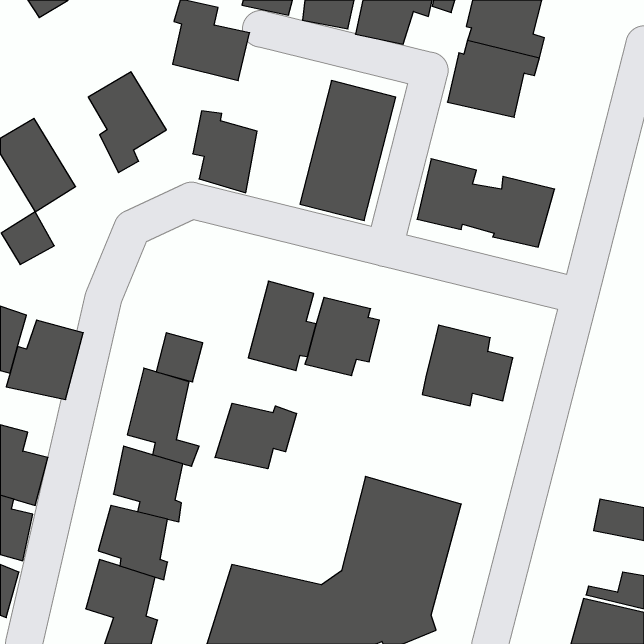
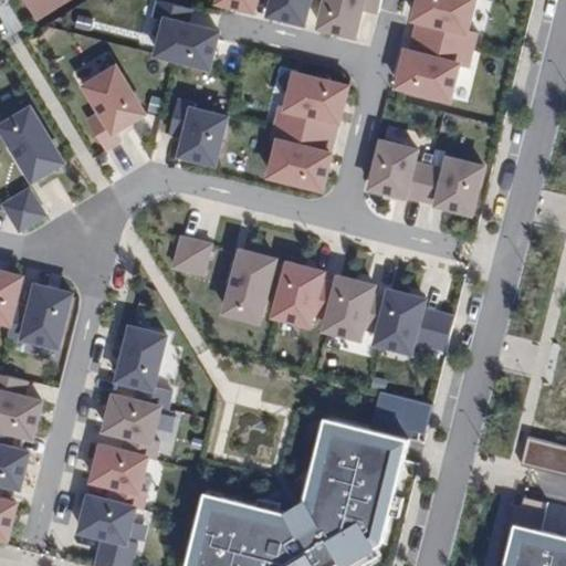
building: none -> [319,274,382,344]
building: [156,333,203,382] -> [171,233,212,276]
building: [215,403,297,469] -> none
building: none -> [371,390,432,437]

